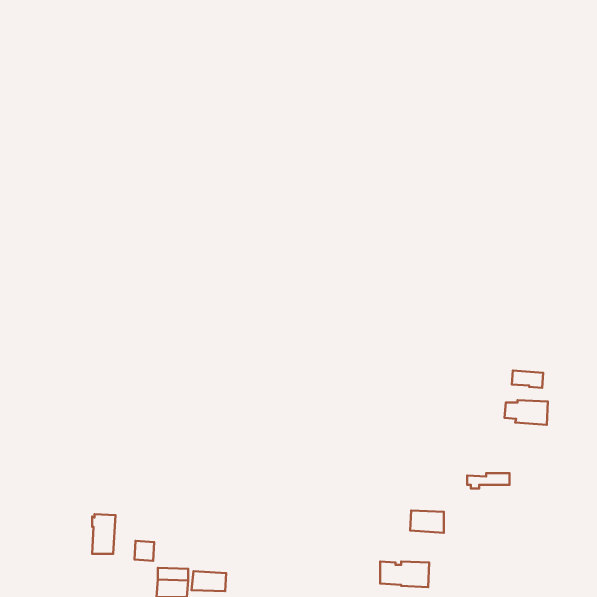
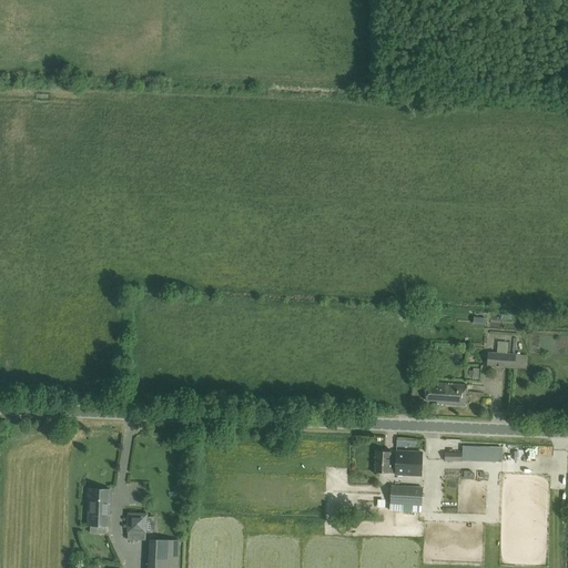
building: [505,400,548,425] -> [425,383,466,406]
building: [380,561,429,587] -> [375,450,422,475]
building: [192,571,226,591] -> none

